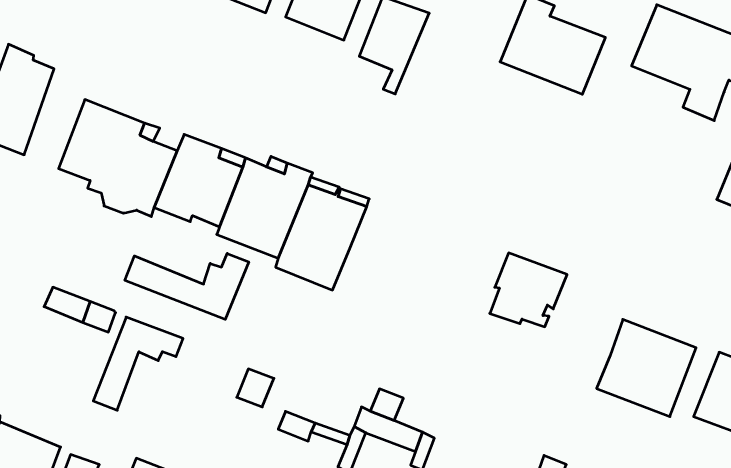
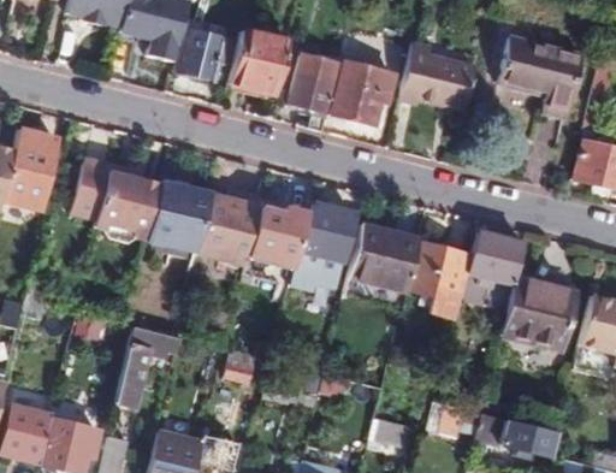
building: none -> [332,61,393,125]
building: none -> [292,205,355,291]
building: none -> [350,224,424,291]
building: none -> [464,231,527,308]
building: [125,253,249,319] -> none

